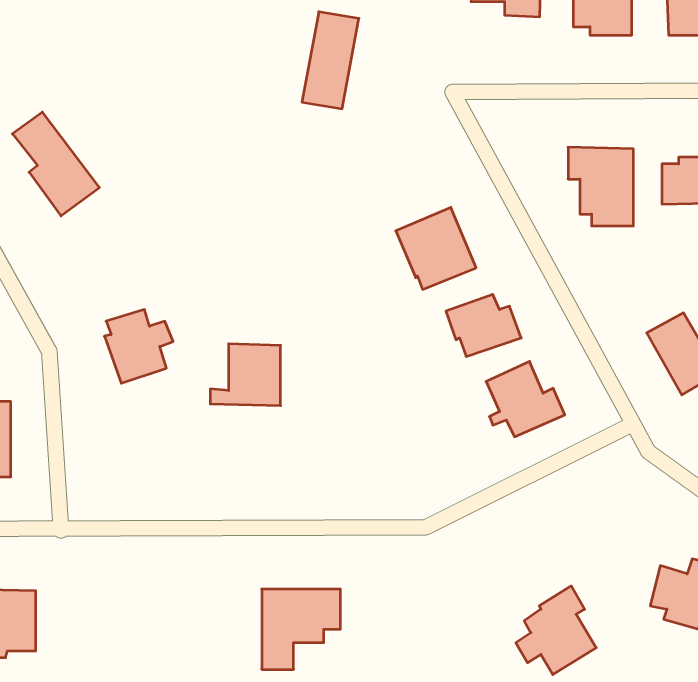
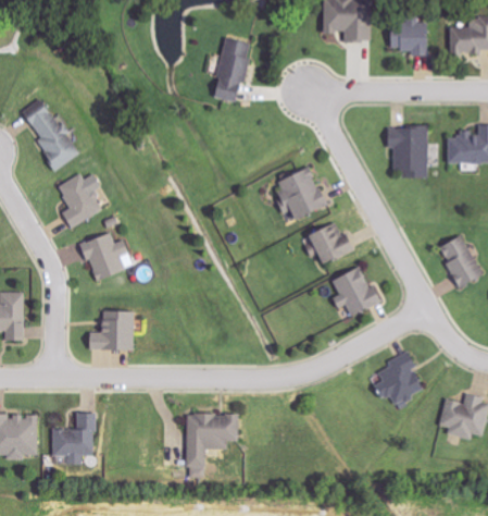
building: none -> [57,173,103,228]
building: [210,344,281,406] -> [87,310,133,351]
building: [516,586,596,675] -> [372,349,424,407]
building: none -> [54,413,95,464]

